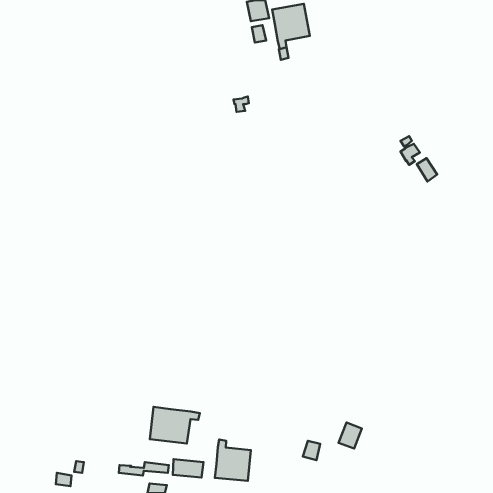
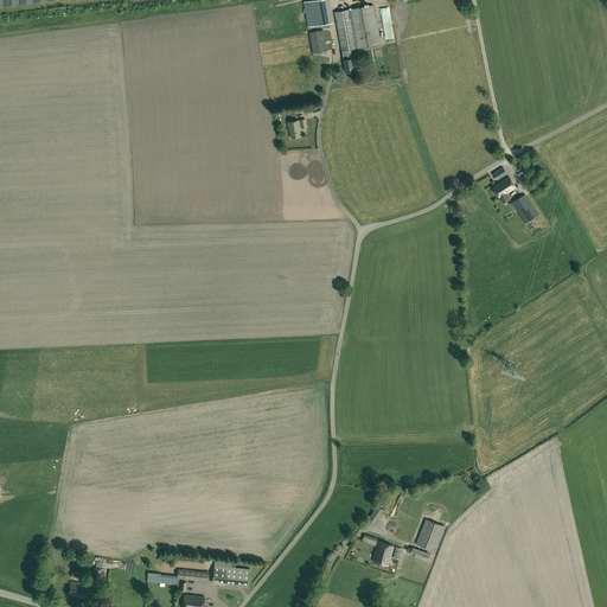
building: [150,407,200,444] -> none
building: [215,440,251,481] -> none

